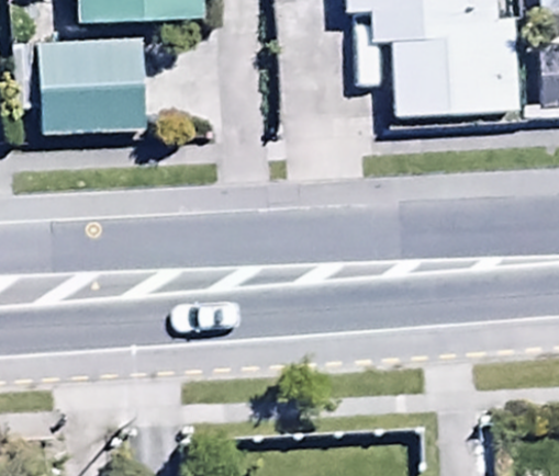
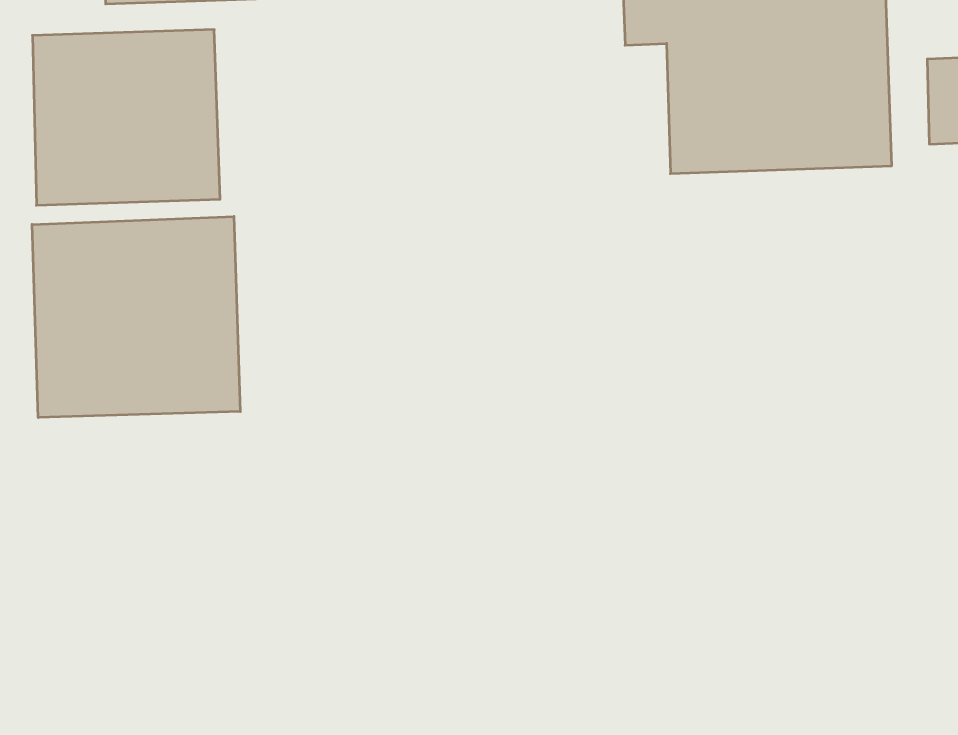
building: none -> [32,216,240,418]

